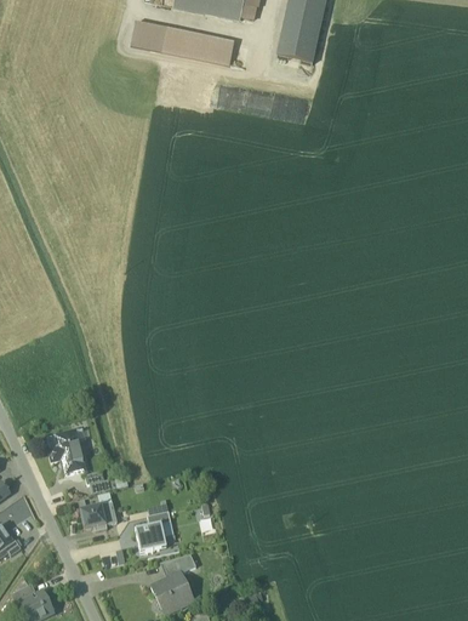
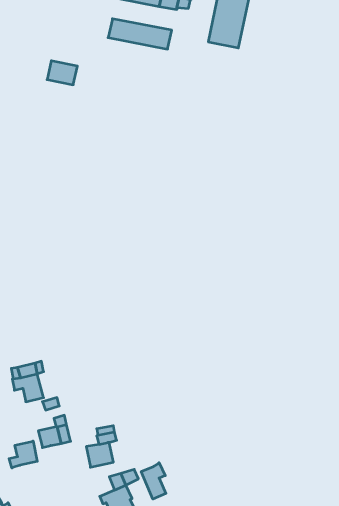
building: [131,22,166,50] -> [47,61,77,85]
building: none -> [9,441,37,468]
building: none -> [141,463,166,499]

